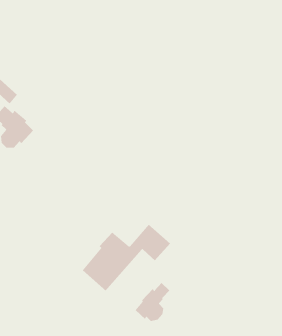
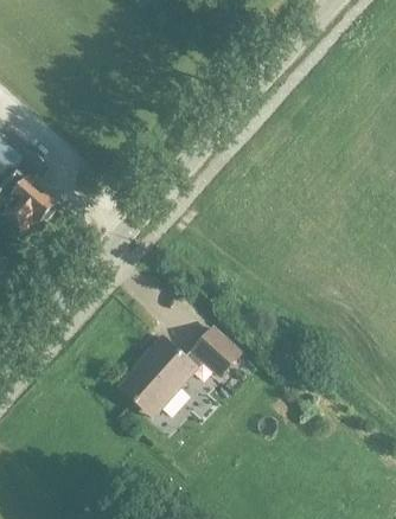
building: [135,282,170,322] -> none

